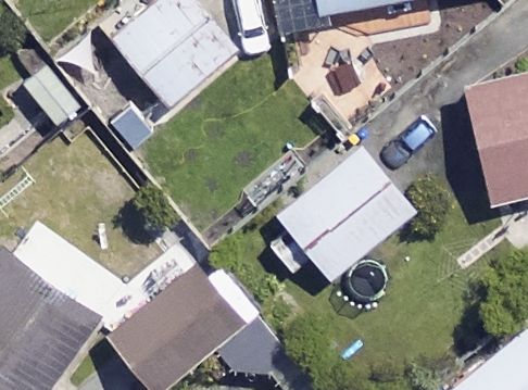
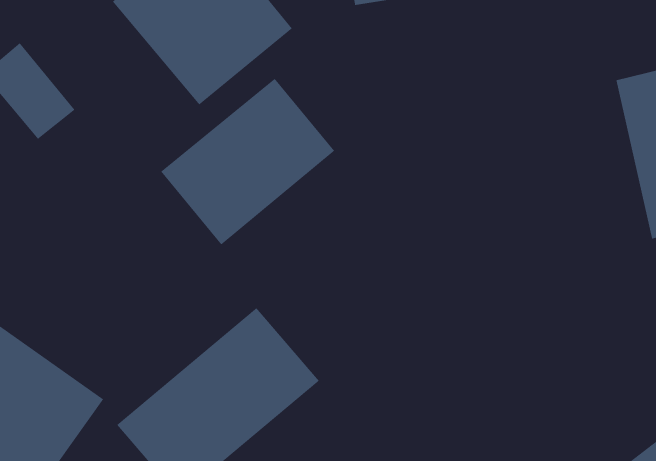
building: none -> [160,78,335,246]
building: [275,144,415,281] -> none

